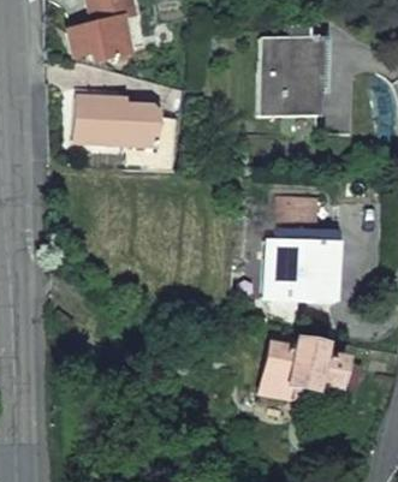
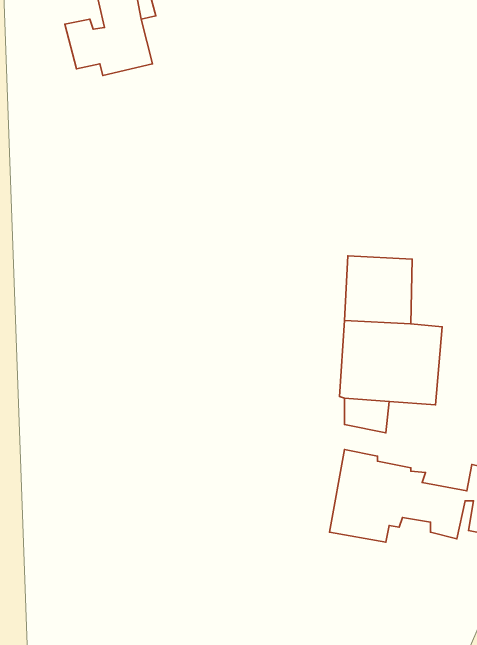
building: [262,35,319,114] -> none
building: [75,96,160,147] -> none

